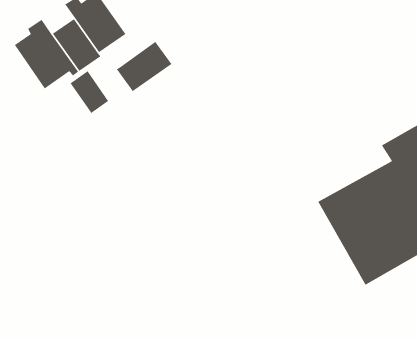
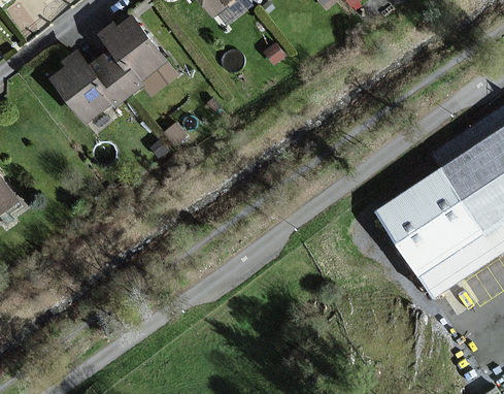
building: [116,41,172,92] -> none
building: [70,70,109,114] -> none

